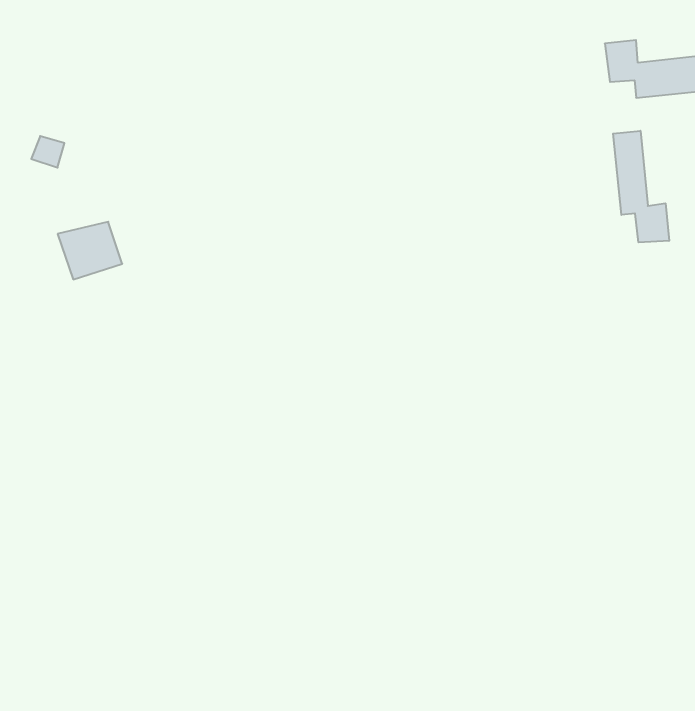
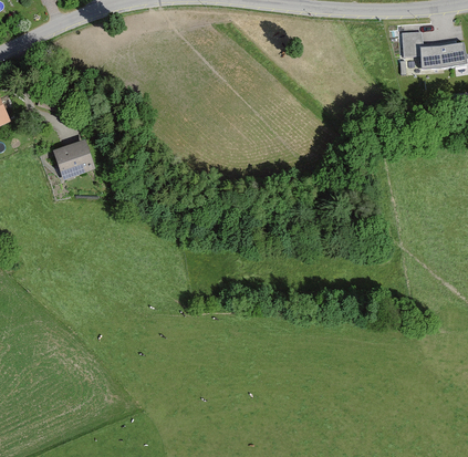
building: [613,131,669,242] -> none

